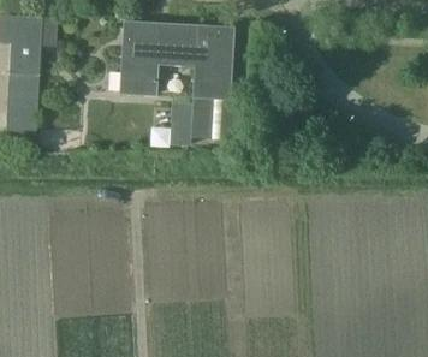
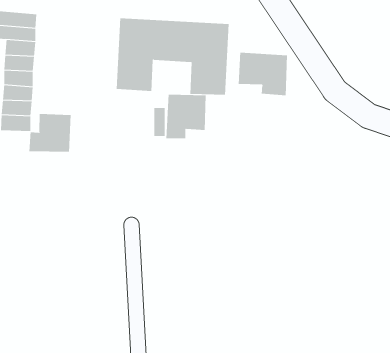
building: none -> [238,52,288,96]
building: none -> [29,113,71,152]

